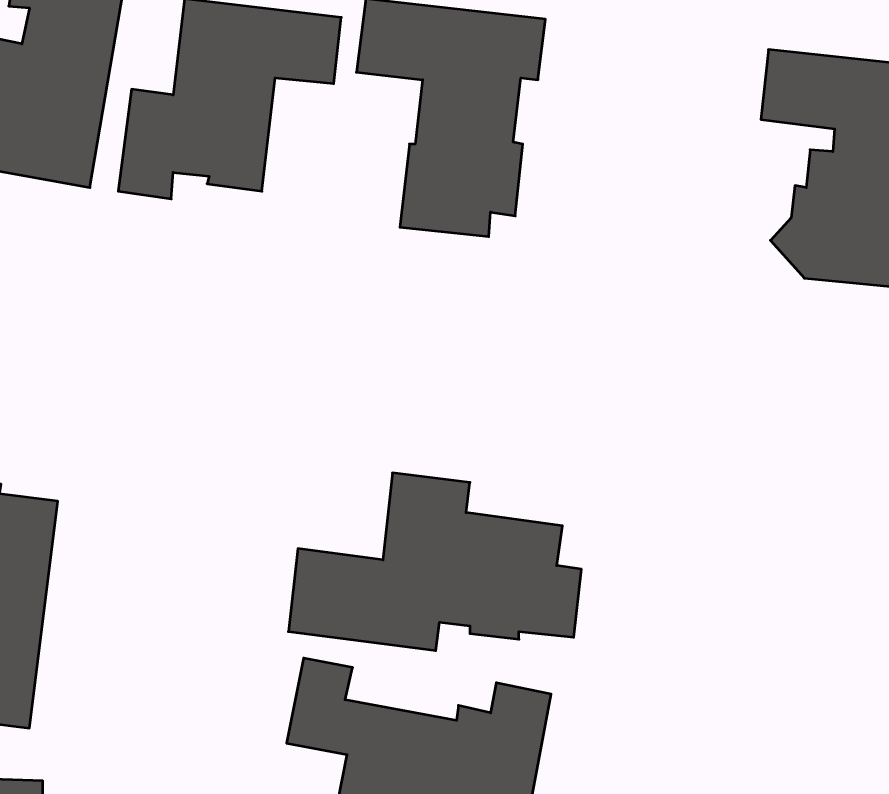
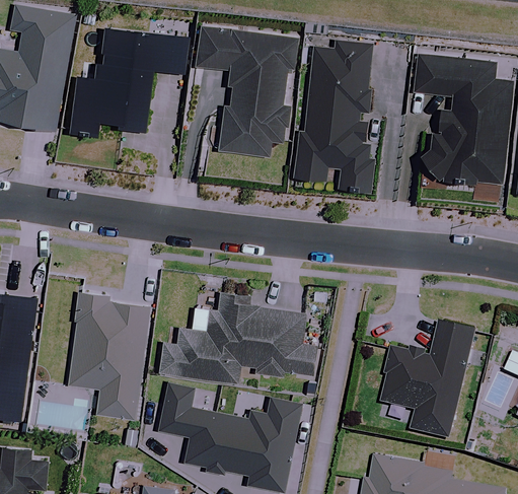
building: none -> [296,43,373,190]
building: none -> [68,293,147,418]
building: none -> [381,323,473,436]

